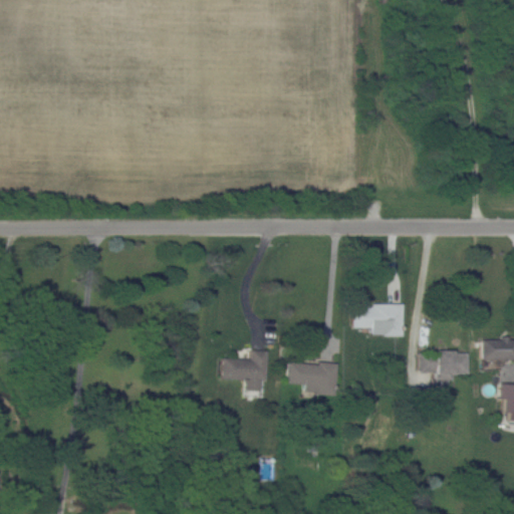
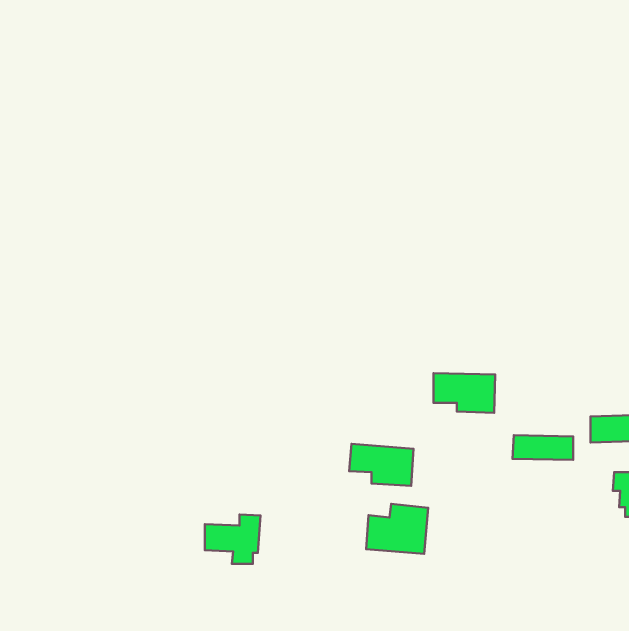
building: [223,350,268,391] -> [205,514,260,564]
building: none -> [366,504,428,554]

